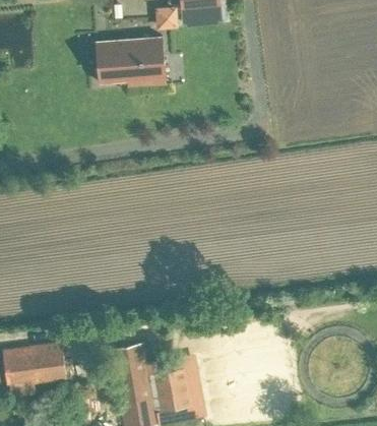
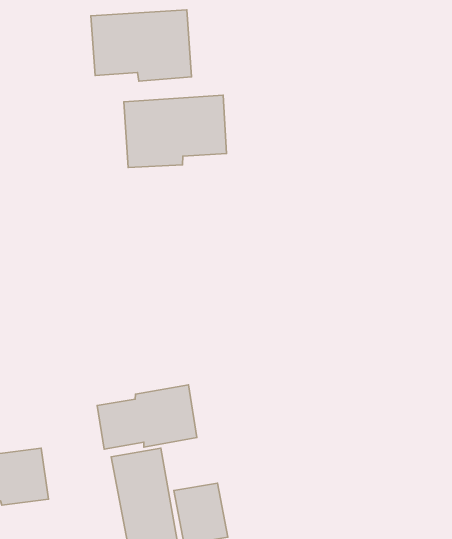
building: none -> [124,95,227,167]
building: none -> [97,385,197,449]

